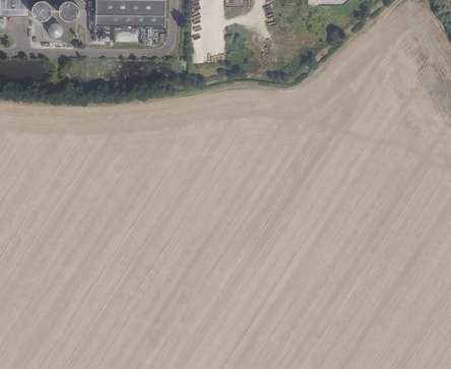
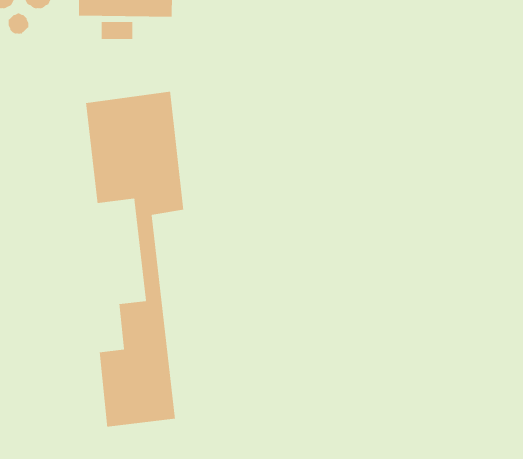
building: none -> [86,91,184,427]

